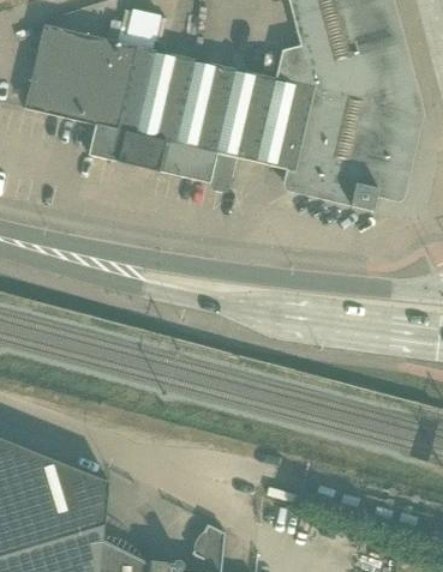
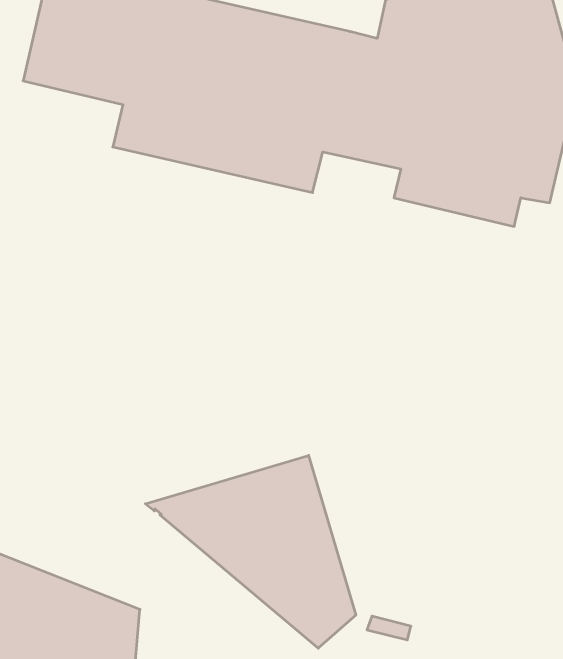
building: none -> [145,455,356,648]

